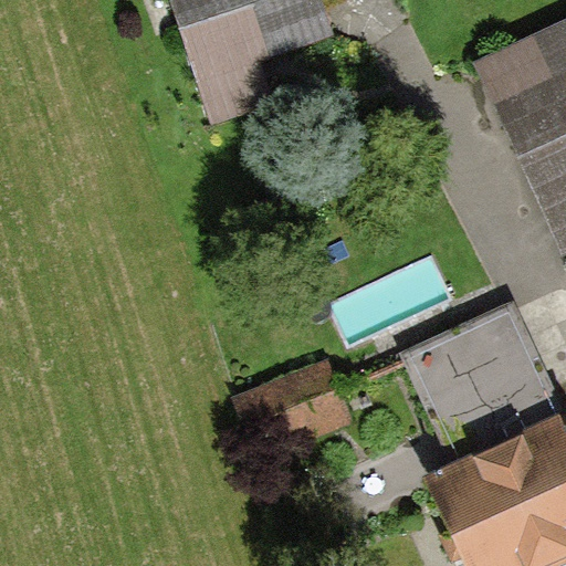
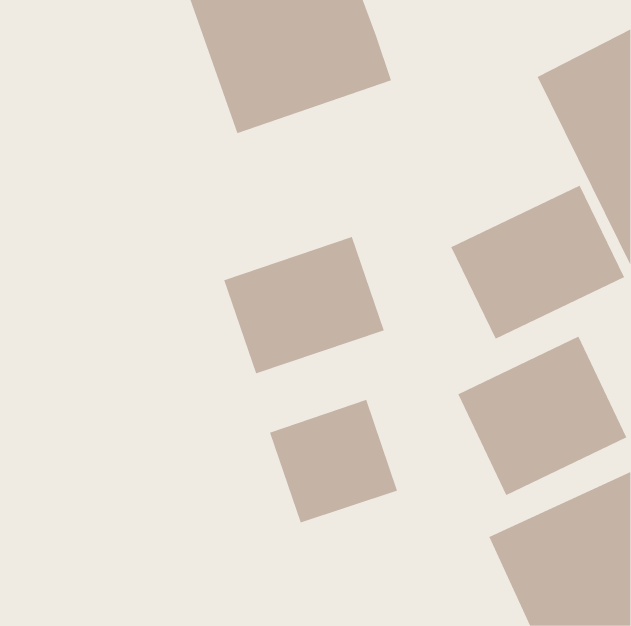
building: none -> [451,185,625,340]
building: none -> [224,236,384,374]

